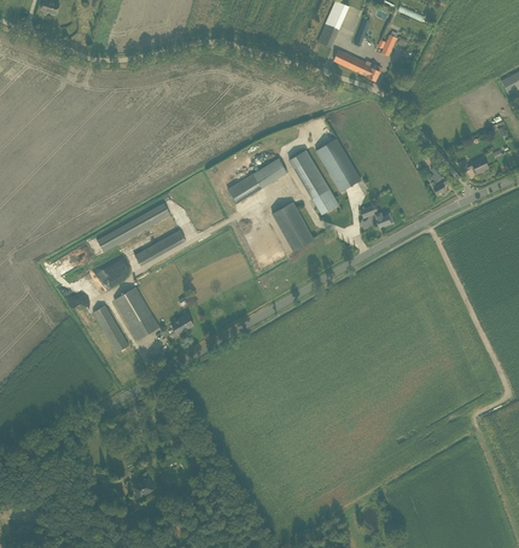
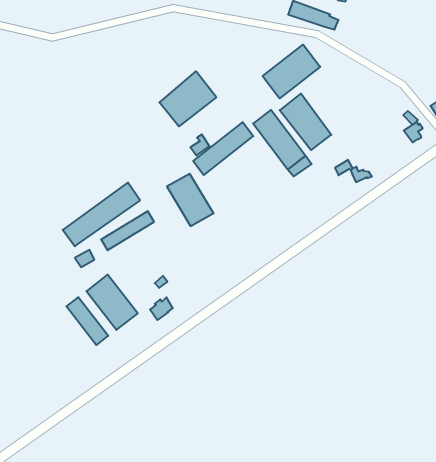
building: none -> [263,45,320,98]
building: none -> [159,71,216,126]
building: [272,200,313,250] -> [167,174,214,226]

